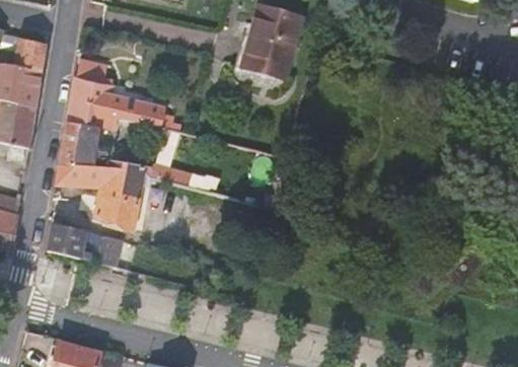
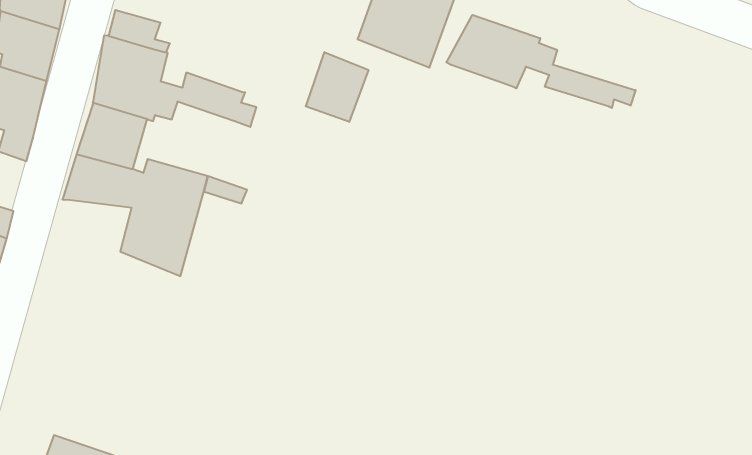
building: none -> [446,15,636,108]
building: none -> [306,52,368,122]
building: [46,225,137,266] -> none

